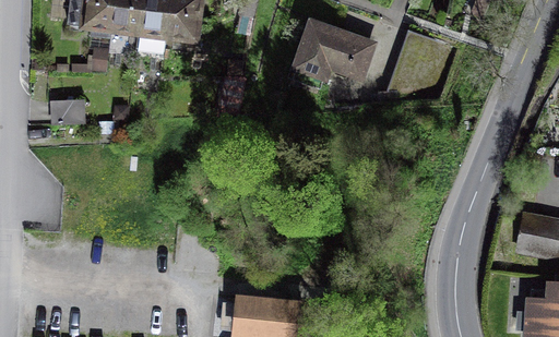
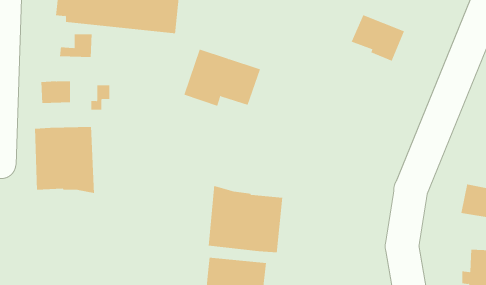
building: [293,22,379,86] -> [183,49,261,107]
building: none -> [35,126,94,194]
building: none -> [208,185,283,253]

